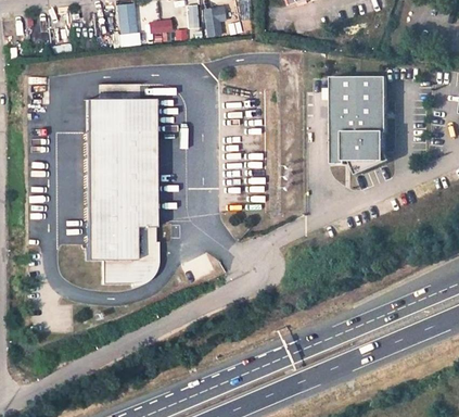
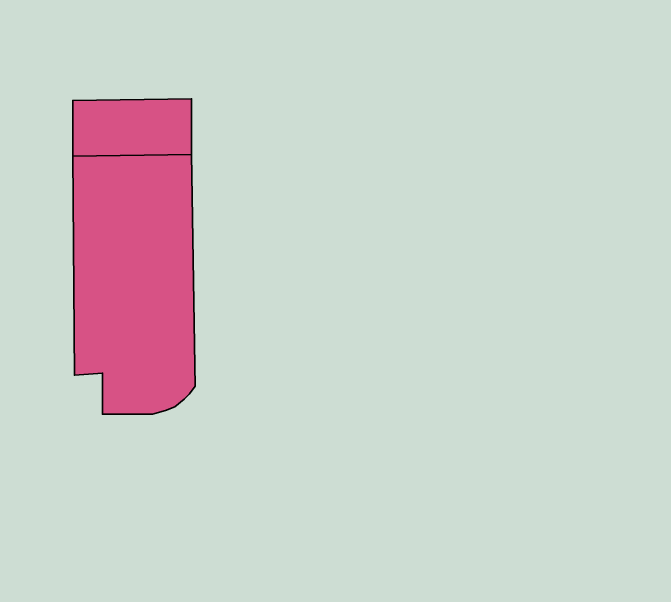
building: [331,76,387,163] -> none

